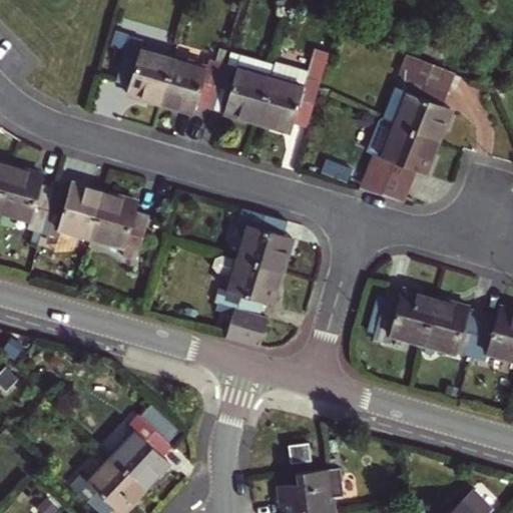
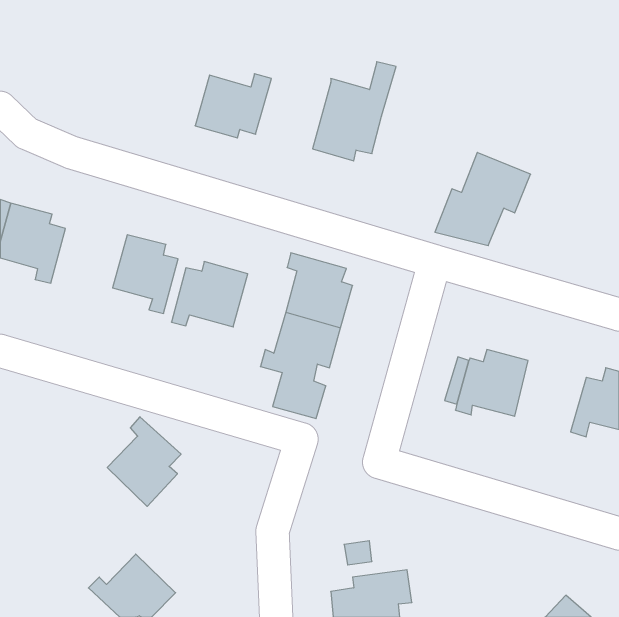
building: [116,38,173,104] -> none
building: [211,55,274,123] -> none
building: [395,56,455,144] -> none
building: [42,184,105,238] -> [171,262,248,327]
building: [426,299,485,358] -> none
building: [112,417,173,491] -> [107,417,181,506]

